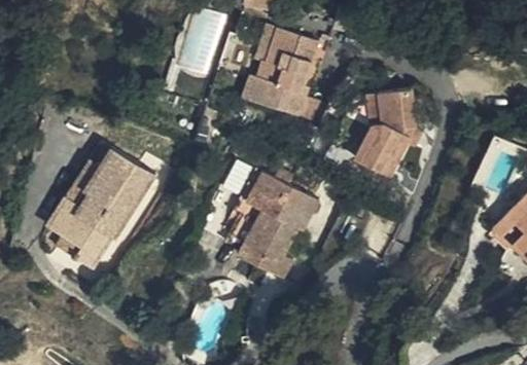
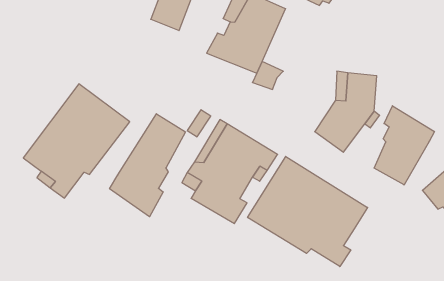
building: none -> [374,106,434,185]
building: none -> [110,114,185,217]
building: none -> [248,156,368,267]

